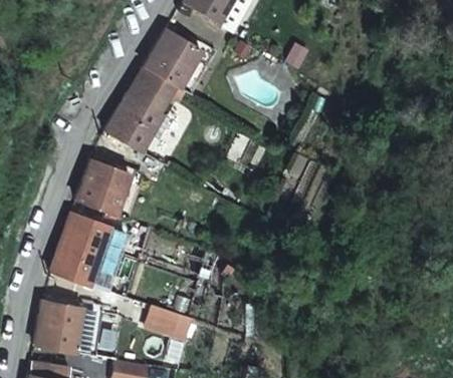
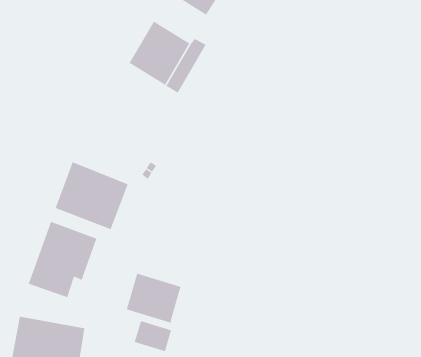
building: [104,68,174,152] -> none
building: none -> [126,273,181,323]

